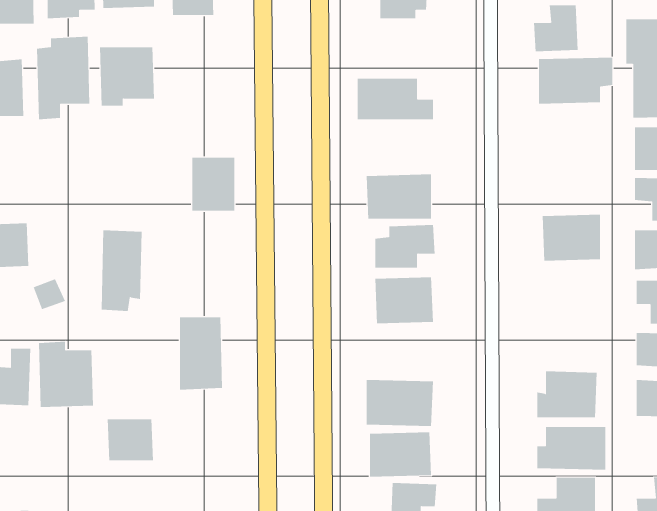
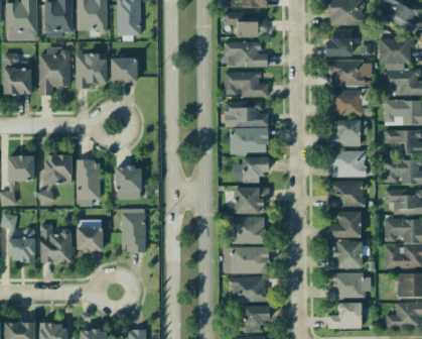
building: none -> [225,41,267,68]
building: none -> [110,58,137,82]
building: none -> [326,90,362,116]
building: none -> [225,101,268,126]
building: [192,157,235,211] -> [116,167,141,199]
building: none -> [326,120,360,146]
building: none -> [44,154,72,185]
building: none -> [326,181,363,207]
building: none -> [327,211,361,237]
building: none -> [230,217,265,243]
building: [107,419,154,461] -> [76,227,103,251]

